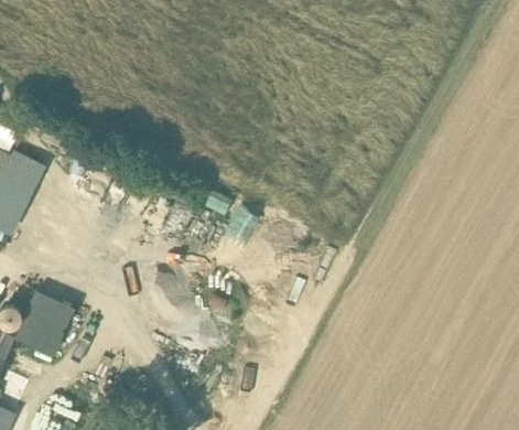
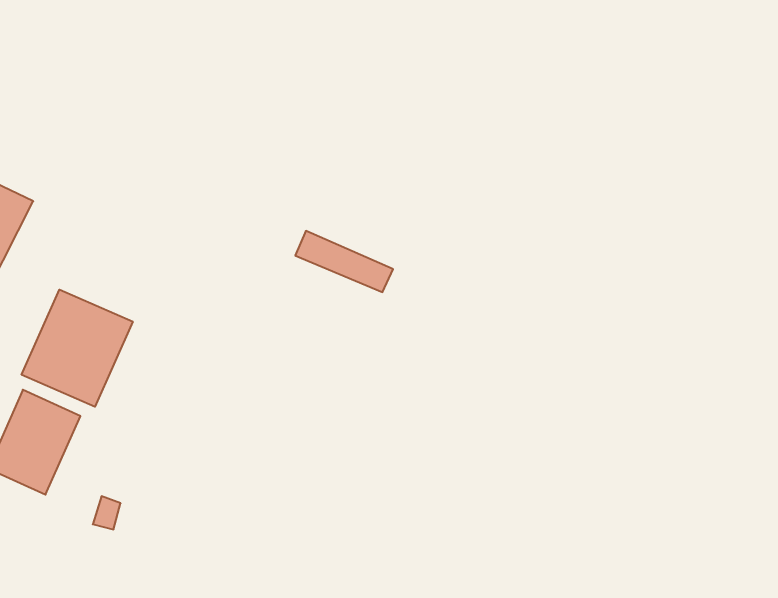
building: none -> [22,290,133,407]

